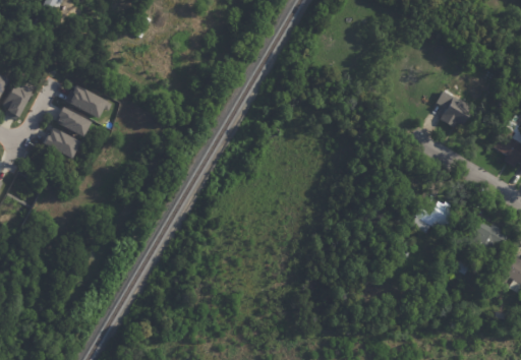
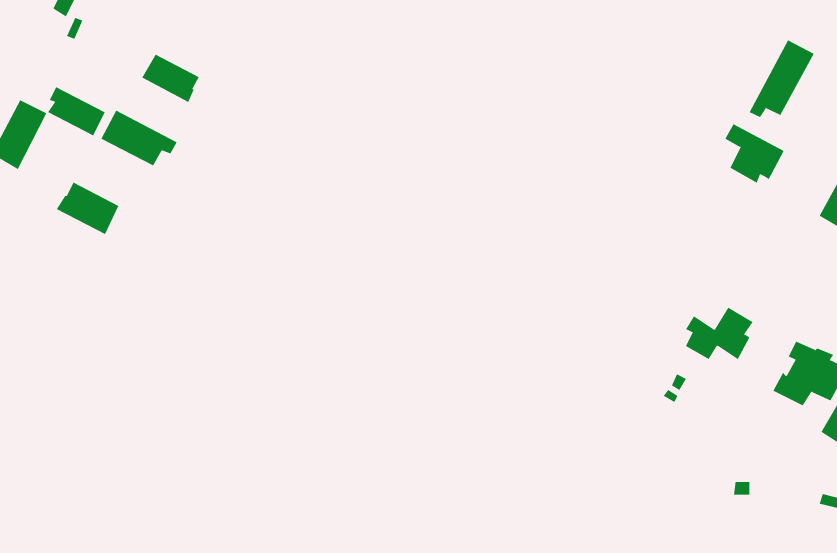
building: none -> [749,39,815,118]
building: none -> [141,54,199,103]
building: [53,106,88,135] -> [47,86,106,136]

